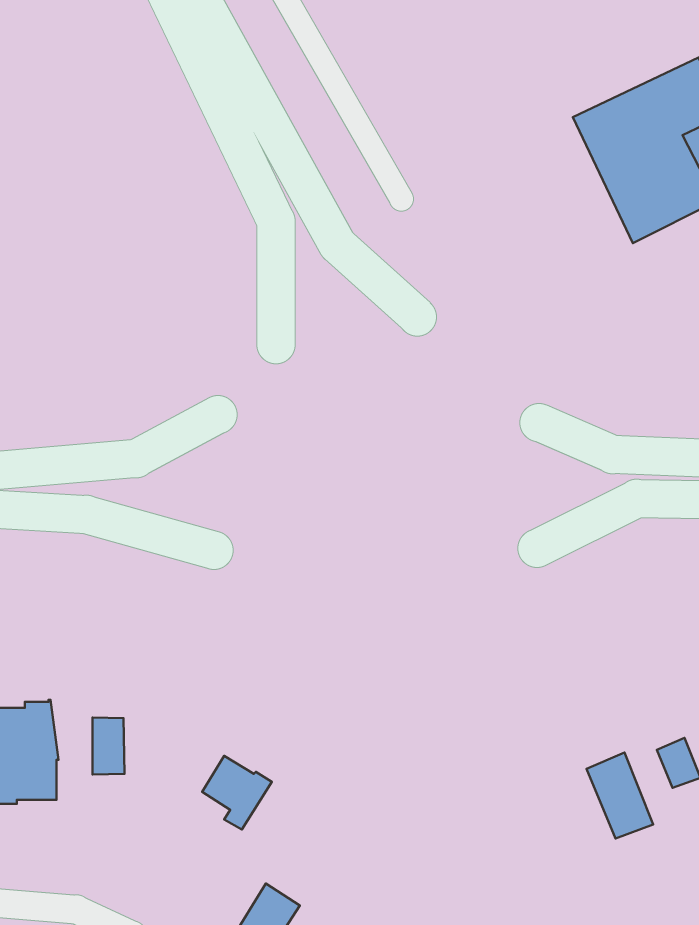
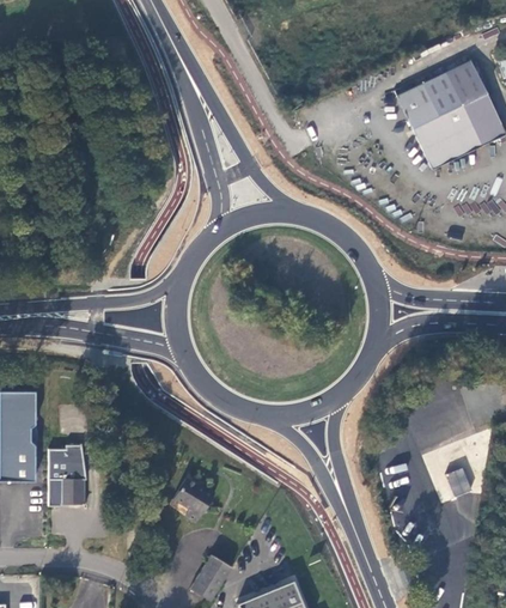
building: [92,717,124,774] -> none
building: [586,753,653,838] -> none

